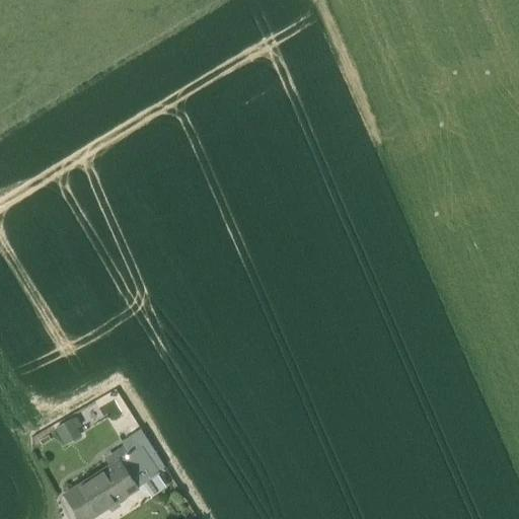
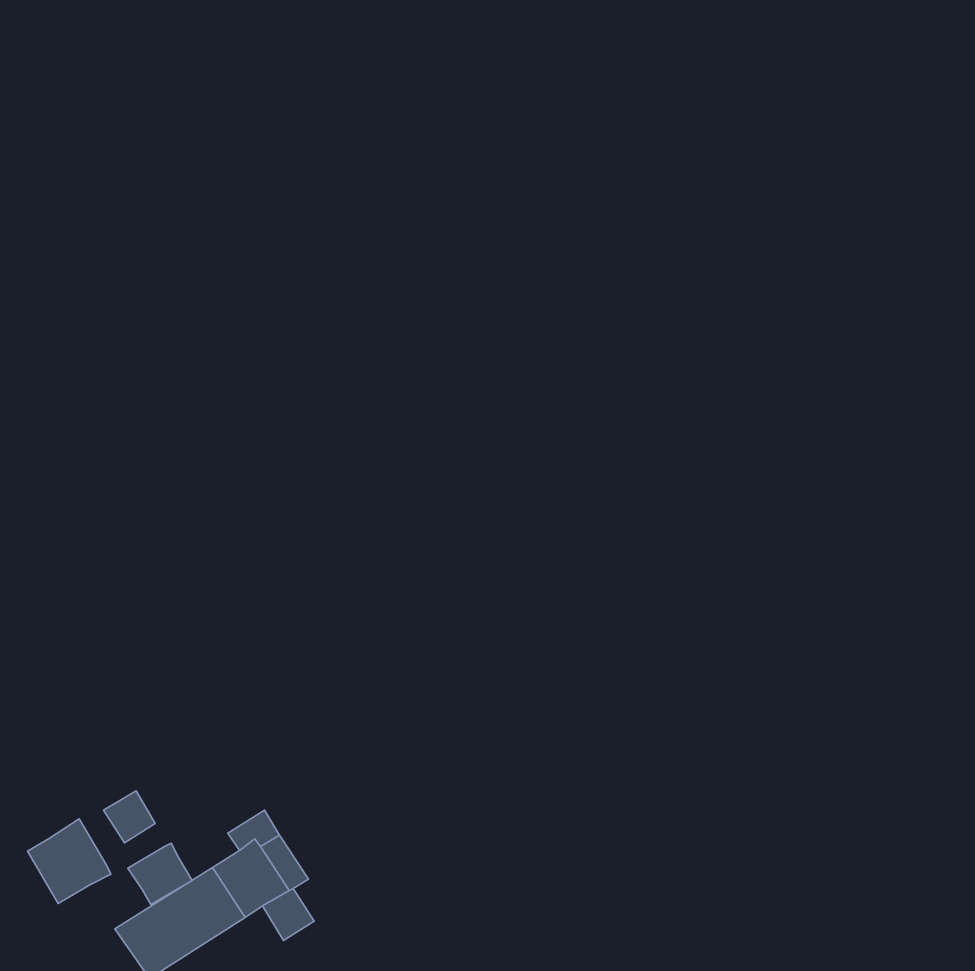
building: none -> [27,819,111,904]
building: none -> [128,843,192,905]

